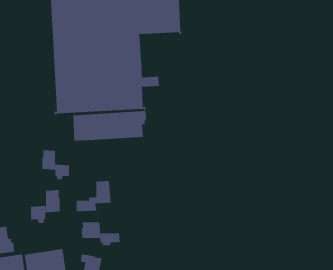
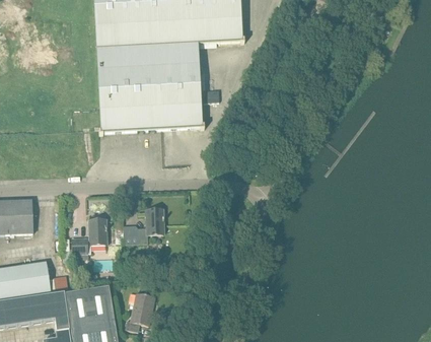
building: [73,110,147,141] -> none
building: [42,149,69,180] -> none
building: [81,222,120,246] -> none

